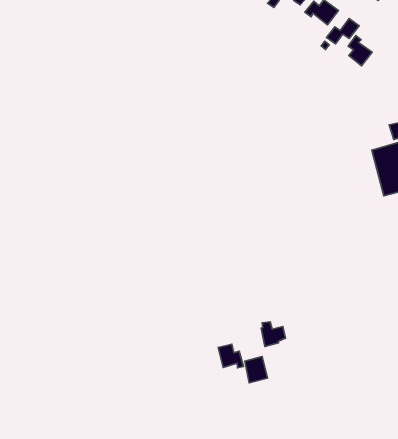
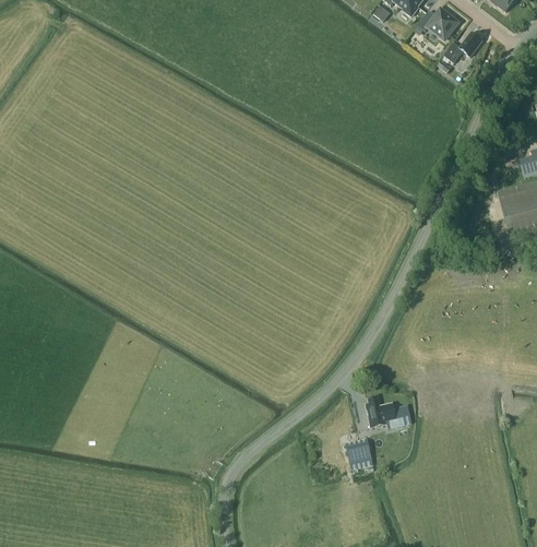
building: [348,35,372,66] -> none
building: [218,344,244,368] -> none

